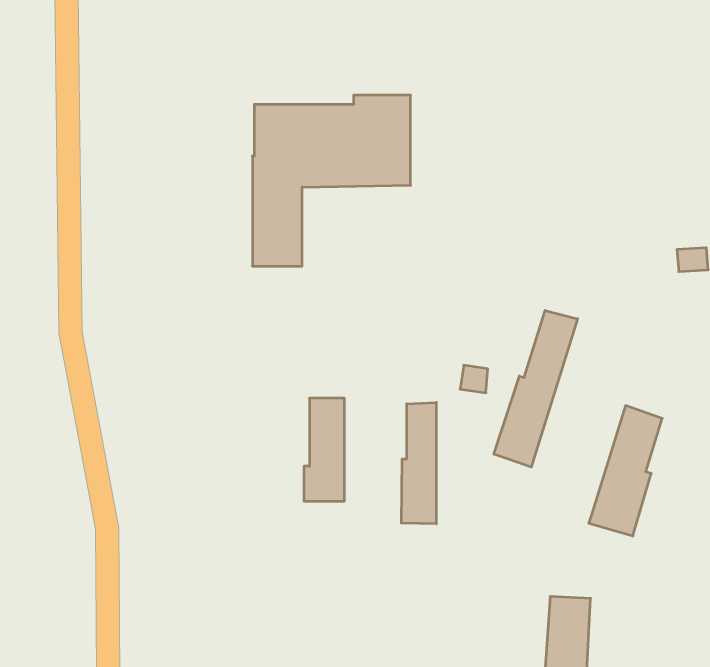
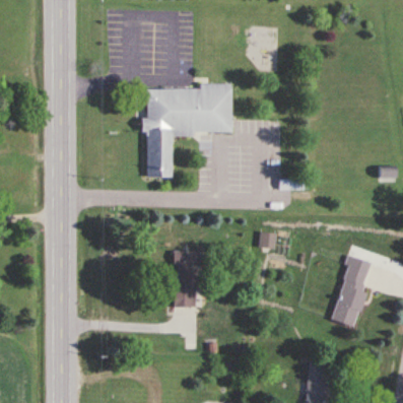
building: [494,310,578,467] -> none
building: [401,402,436,524] -> none

